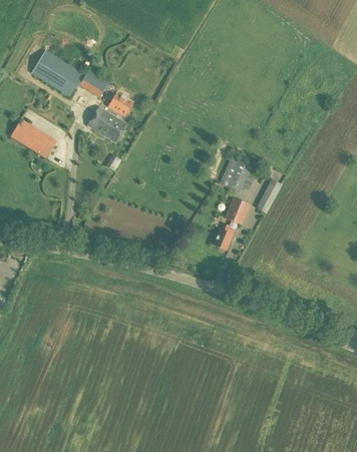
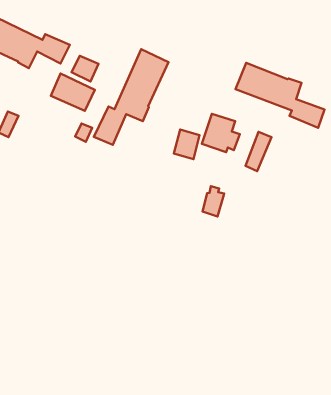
building: none -> [94,49,169,145]
building: none -> [235,63,325,128]
building: [225,196,250,224] -> [174,129,200,159]

